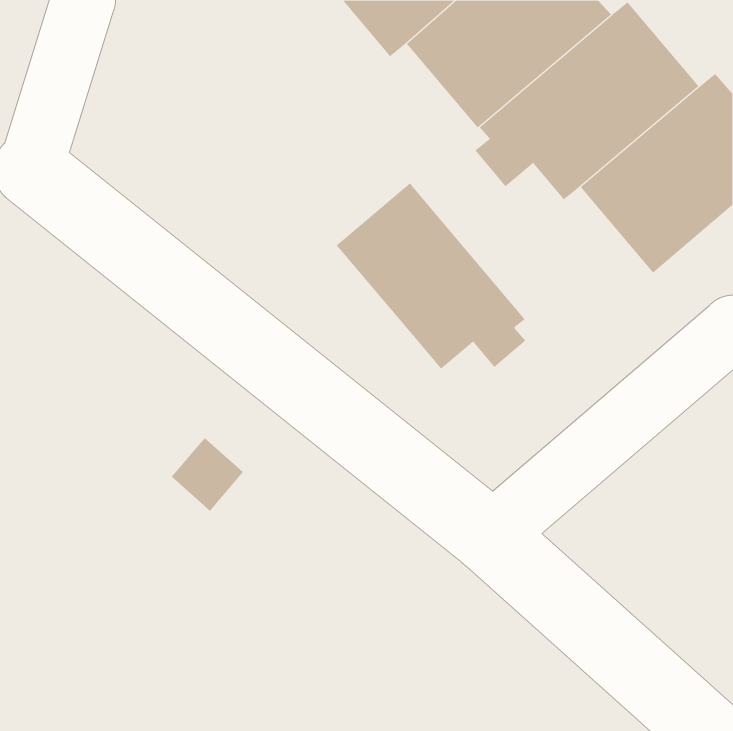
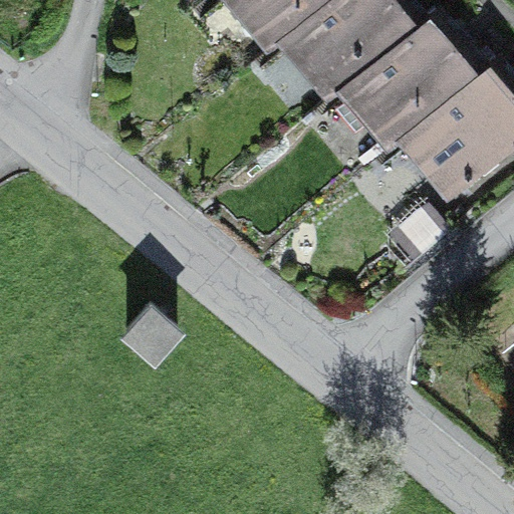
building: [336,183,526,369] -> none

